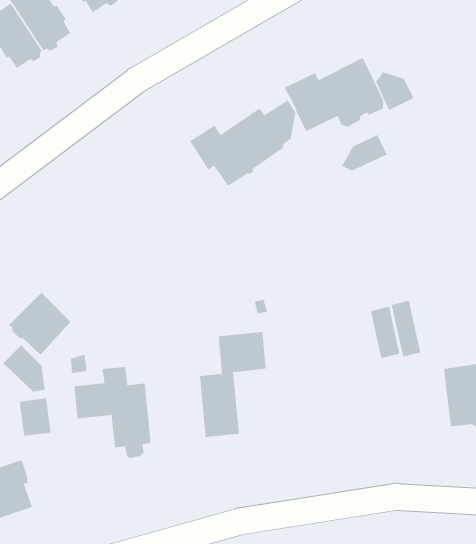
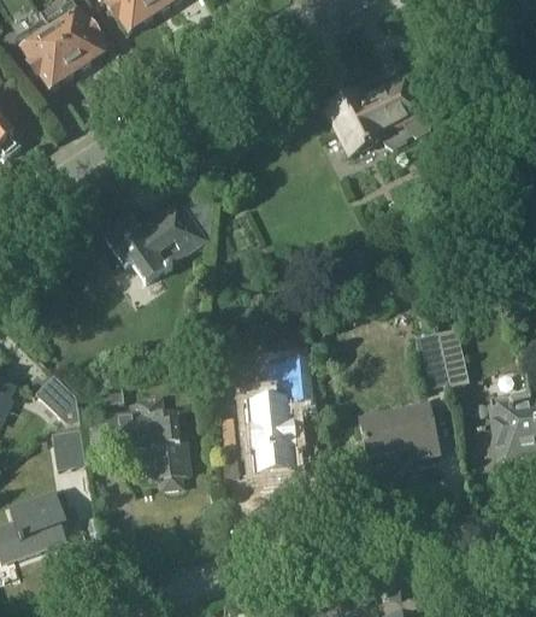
building: [375,71,414,111] -> none
building: [189,99,296,187] -> [105,192,216,282]
building: [341,134,387,171] -> none
building: [9,292,71,356] -> none
building: none -> [360,406,440,466]

